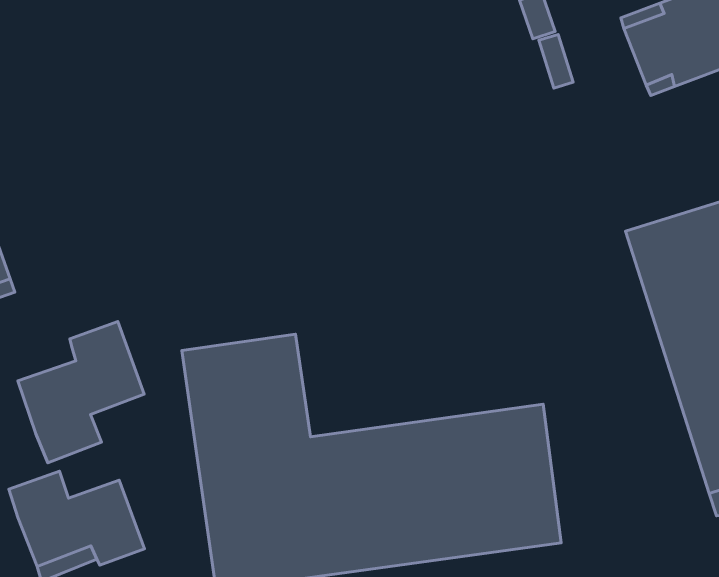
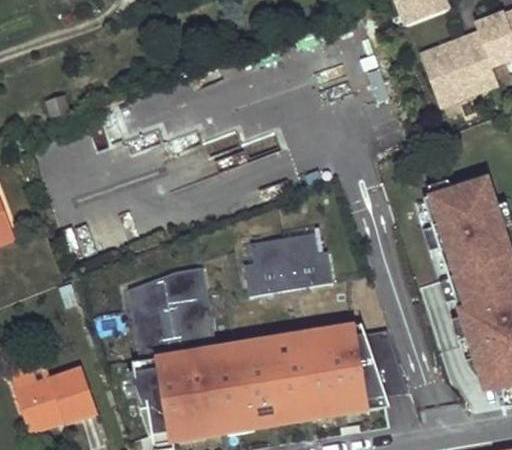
building: none -> [240,232,333,295]
building: [18,321,144,463] -> none

